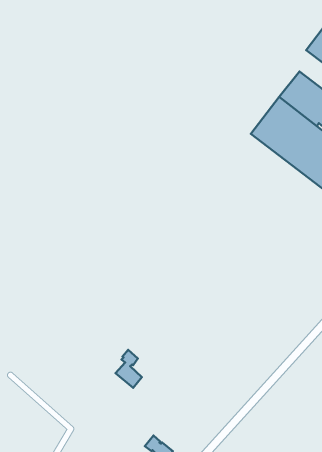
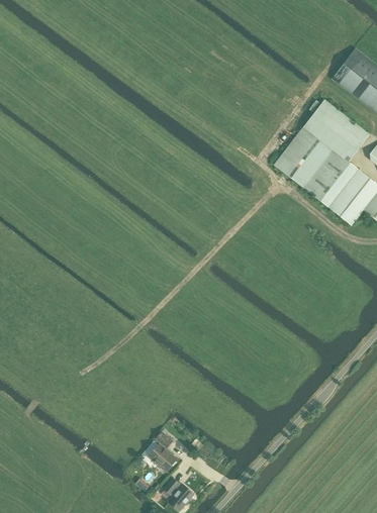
building: [116,350,142,388] -> [149,431,176,471]

